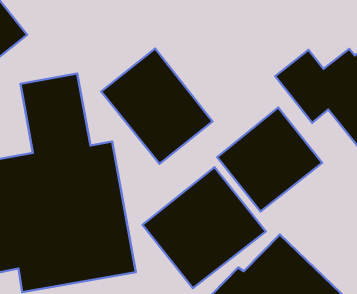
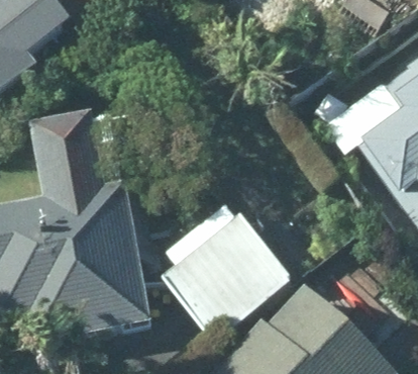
building: [101,49,213,164] -> none
building: [217,108,322,211] -> none

